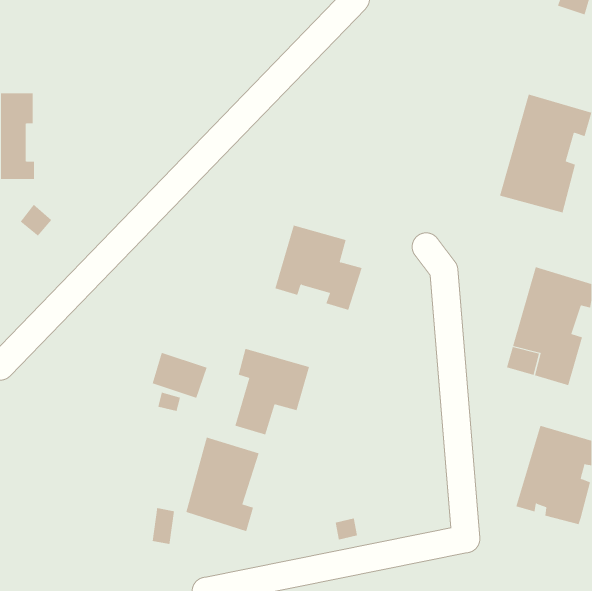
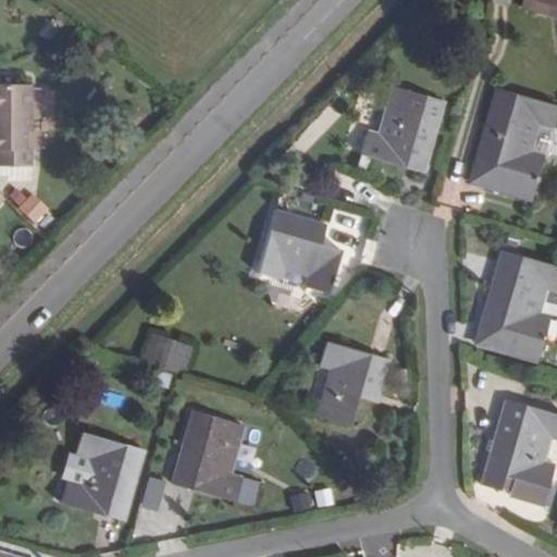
building: none -> [363,89,441,168]
building: [235,348,310,435] -> [317,342,387,423]
building: none -> [62,433,143,520]

